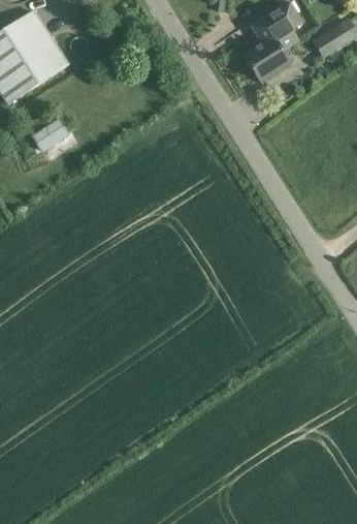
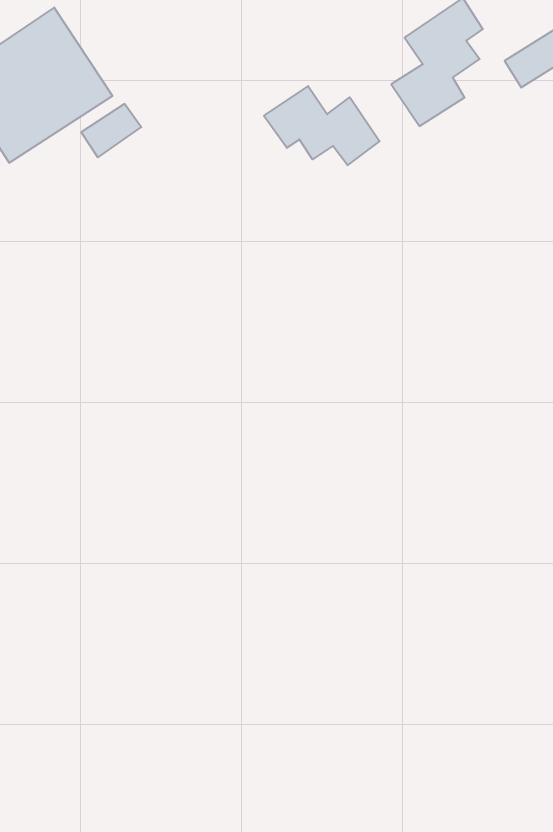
building: none -> [264,86,380,165]
building: [32,116,69,149] -> [81,104,141,157]

